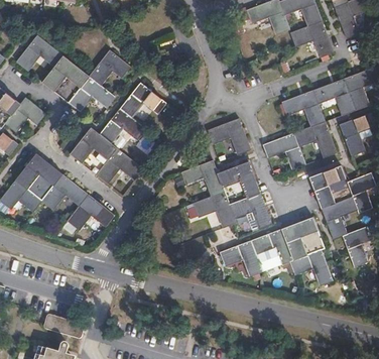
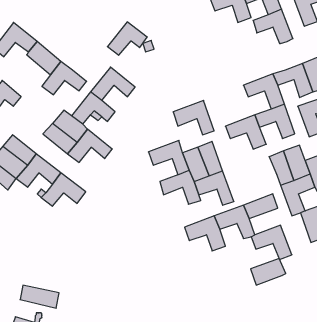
building: [88,49,130,85] -> [107,22,147,55]
building: [41,69,77,102] -> none
building: [287,231,325,259] -> [251,258,286,285]

